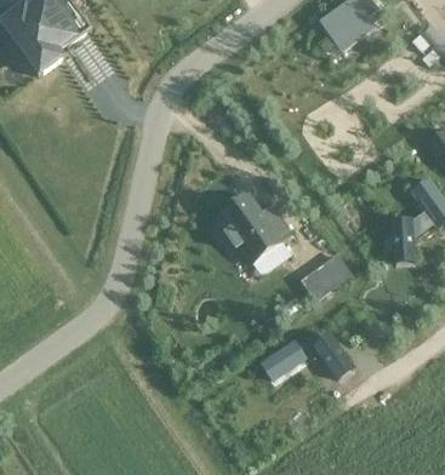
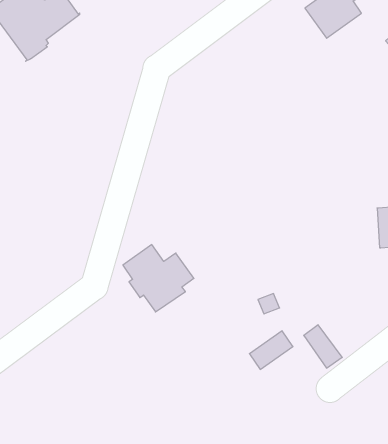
building: [218,193,290,261] -> [123,245,194,312]
building: [299,248,350,294] -> none

